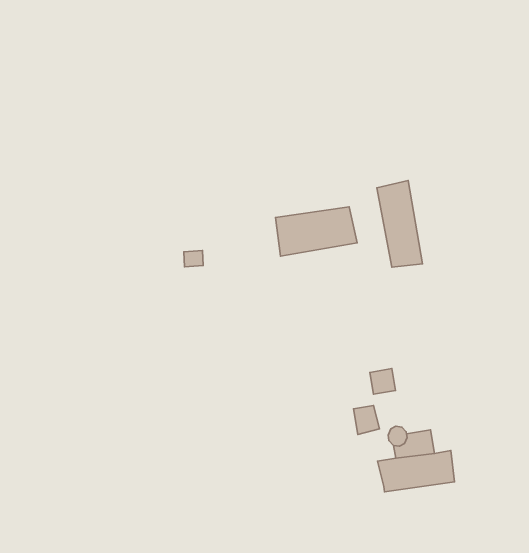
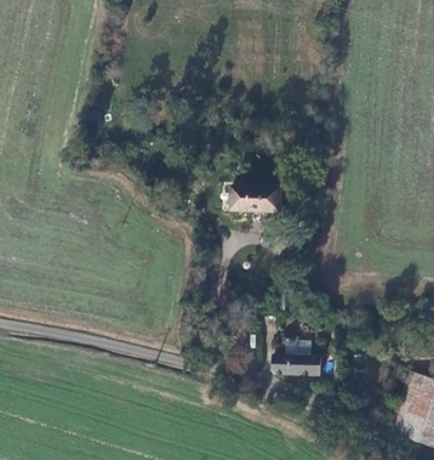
building: [377,181,422,267] -> none

